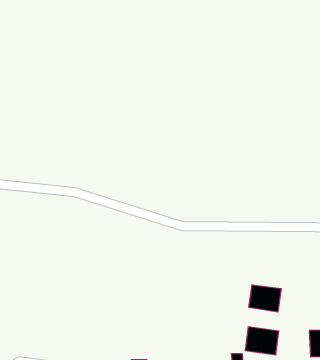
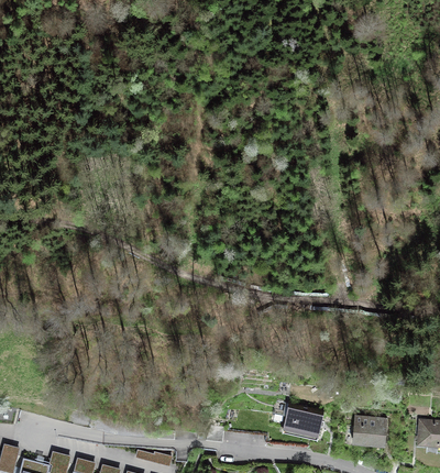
building: [249,285,281,312] -> none

